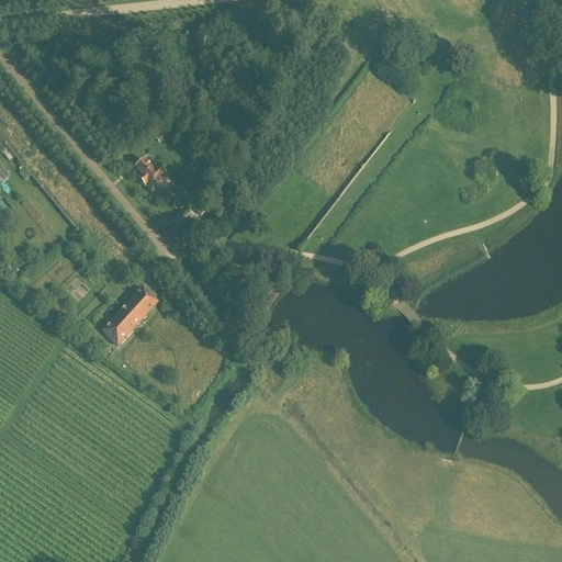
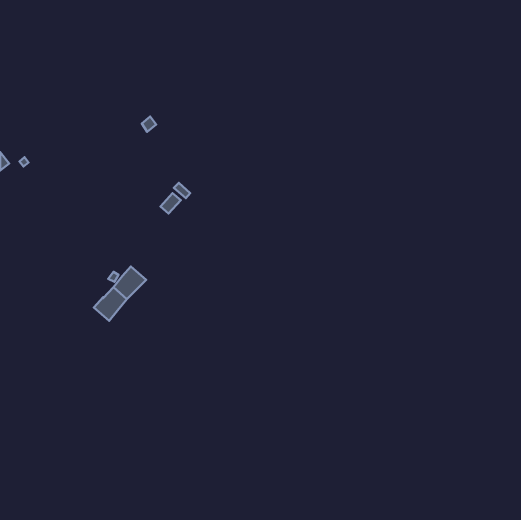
building: [136,158,165,189] -> none

